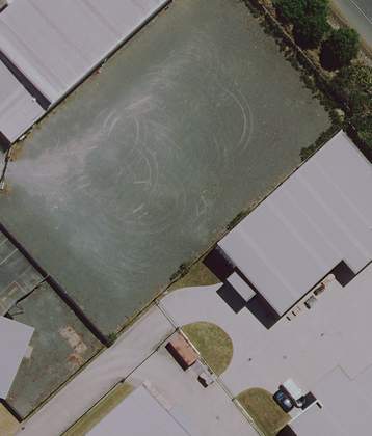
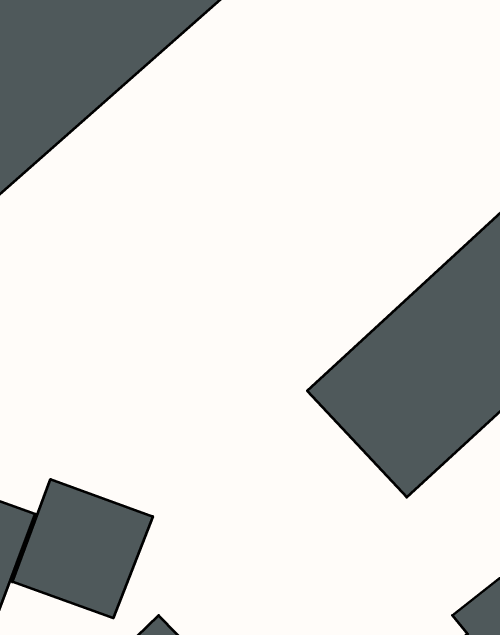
building: none -> [12,479,153,618]

